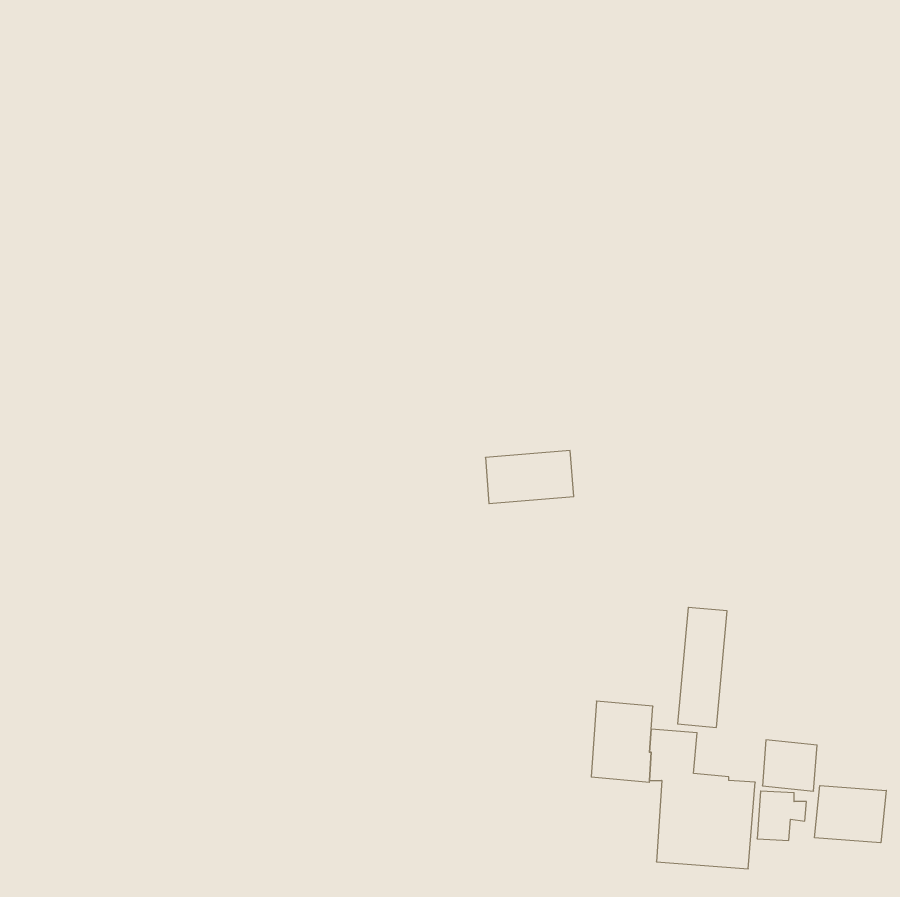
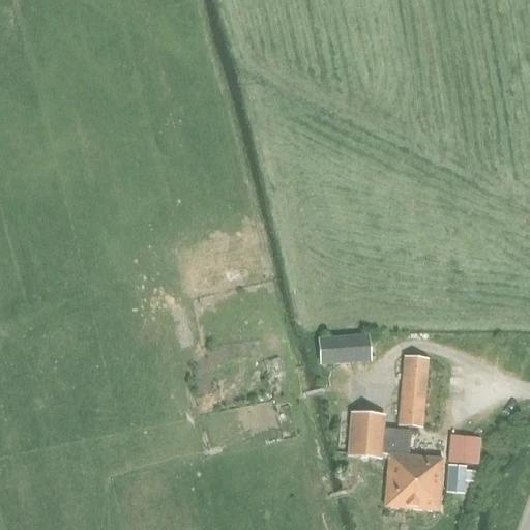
building: [485,451,574,504] -> [318,332,370,363]
building: [815,786,886,843] -> none

